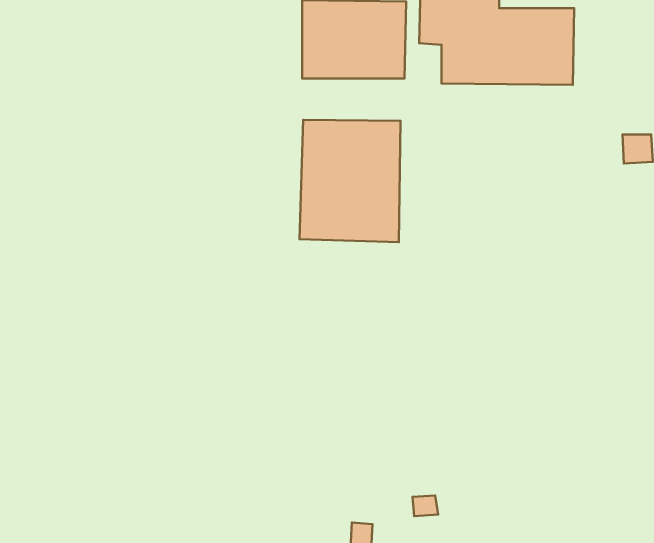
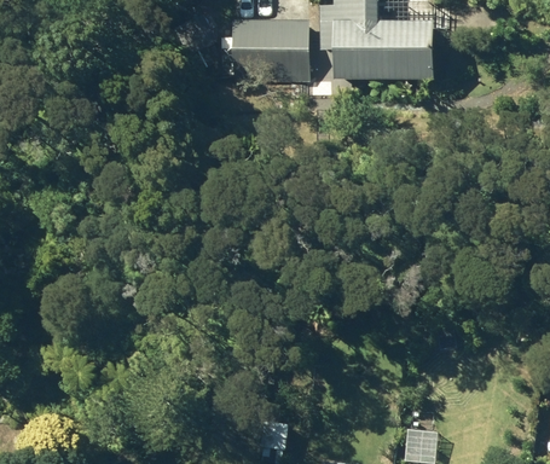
building: [299,120,401,242] -> none

